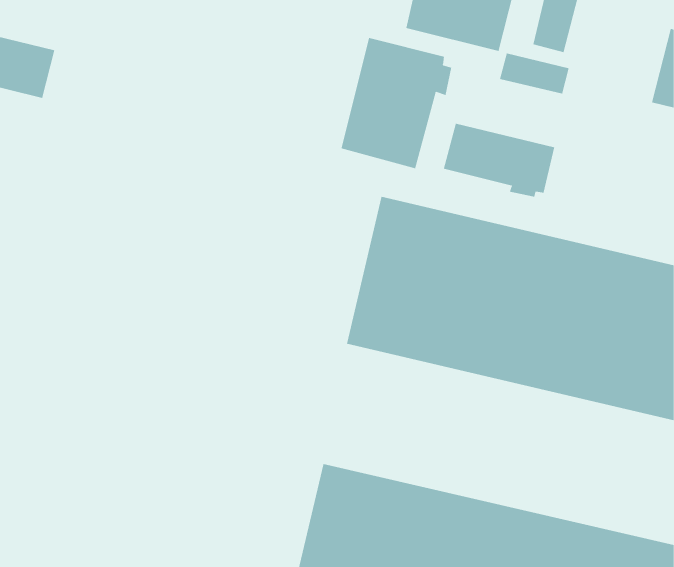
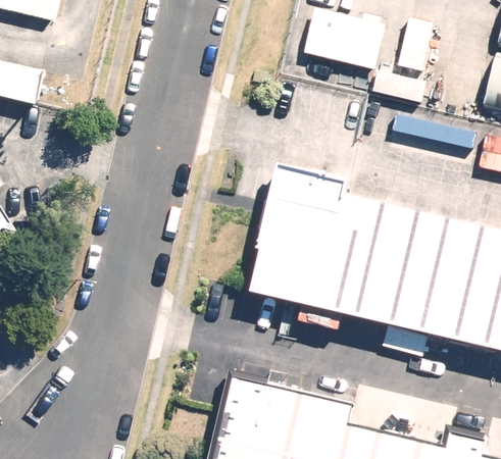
building: [341,37,452,169] -> none
building: [443,123,555,197] -> none

